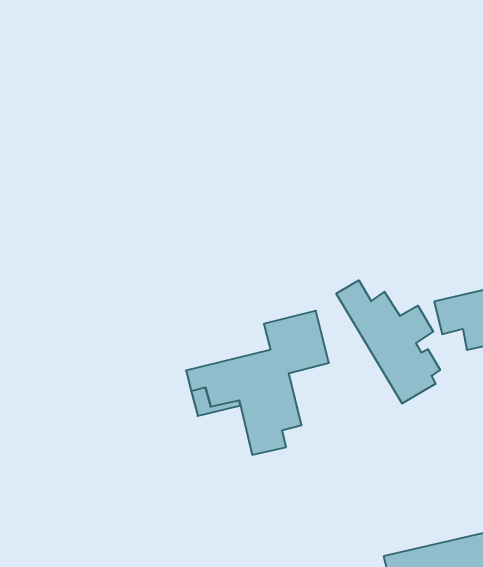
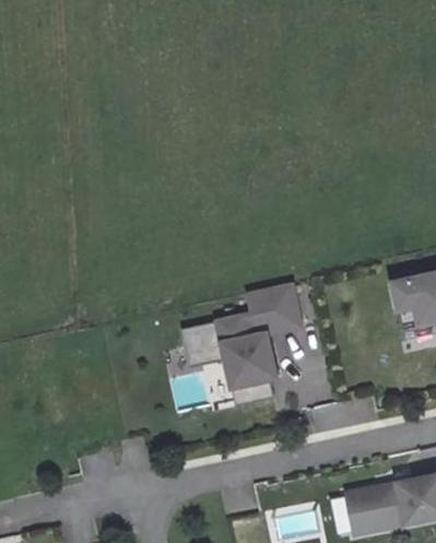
building: [336,280,440,404] -> none

